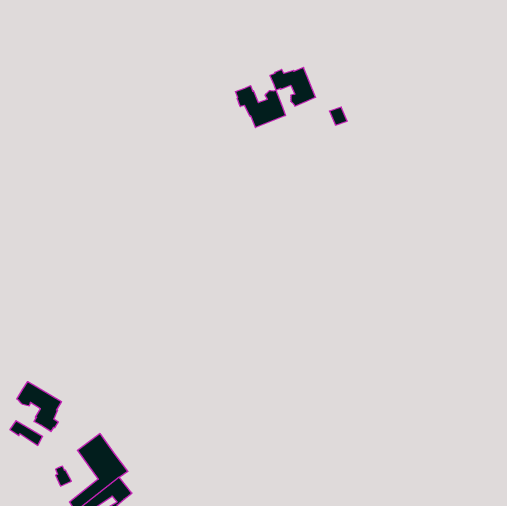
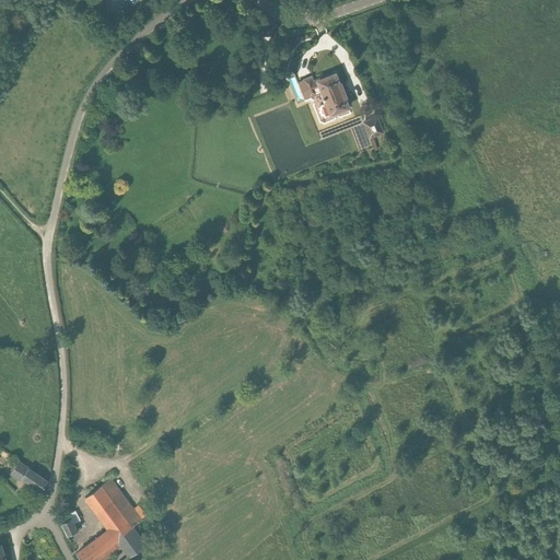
building: [235,86,285,128] -> none
building: [17,382,61,432] -> none

